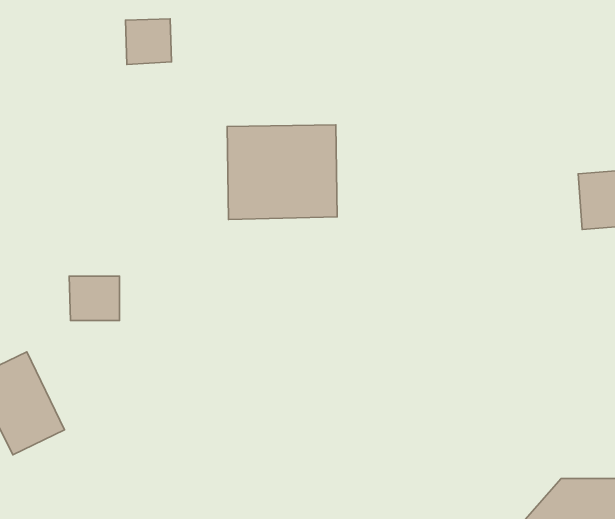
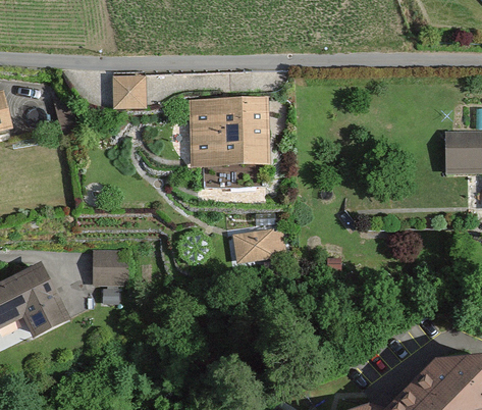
building: [126,19,171,65] -> [110,75,144,109]
building: [69,276,119,321] -> [95,254,131,287]
building: none -> [234,228,288,258]

